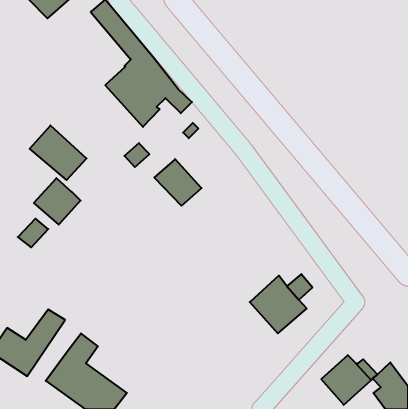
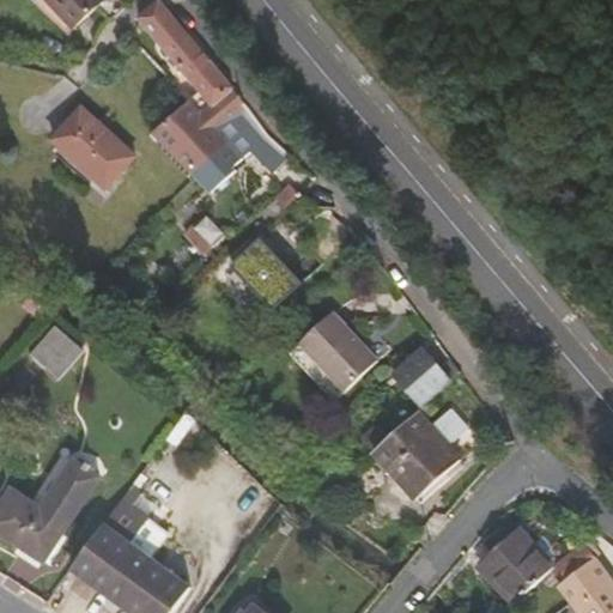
building: [30,125,87,180] -> [49,105,134,187]
building: [34,178,81,225] -> none
building: none -> [298,311,376,388]
building: none -> [392,350,449,406]

